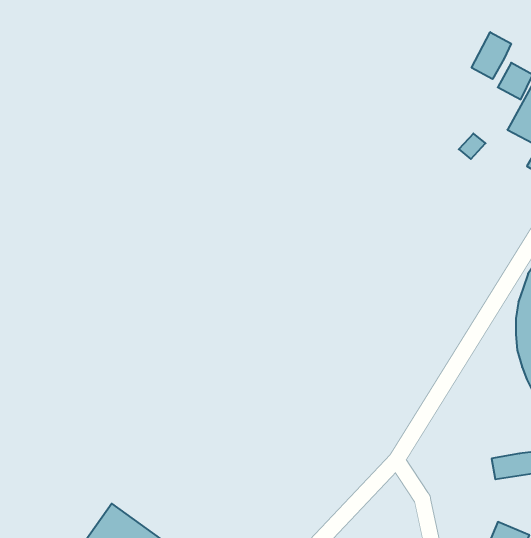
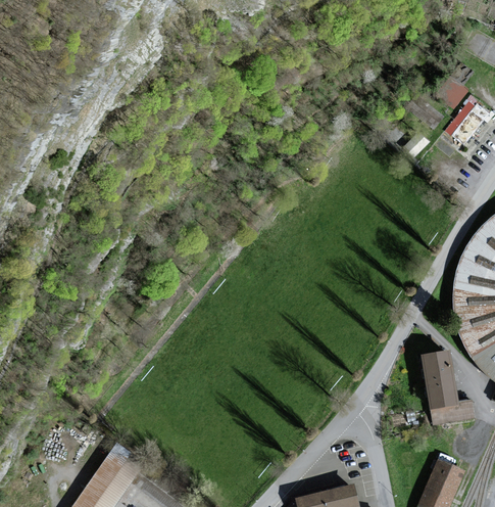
building: [472,32,511,79] -> none
building: none -> [423,355,456,409]

